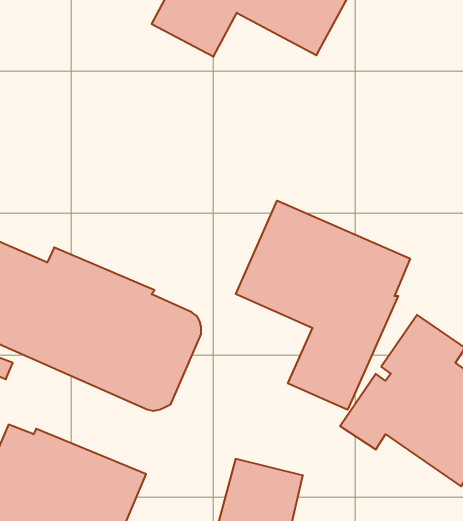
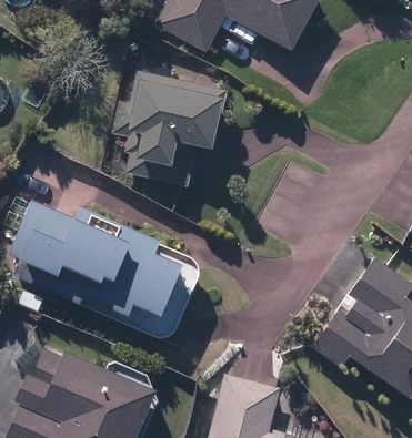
building: none -> [112,69,225,184]
building: [236,201,410,410] -> none

